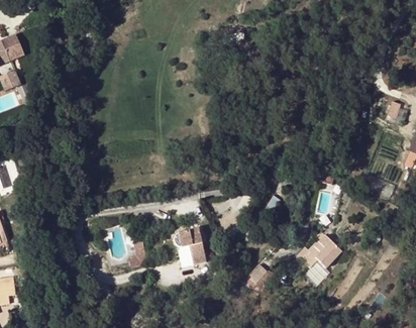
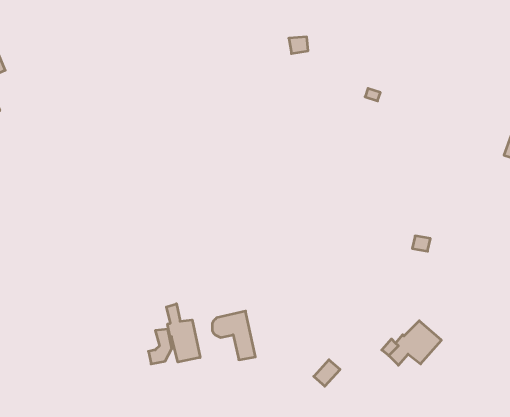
building: none -> [166,304,200,362]

